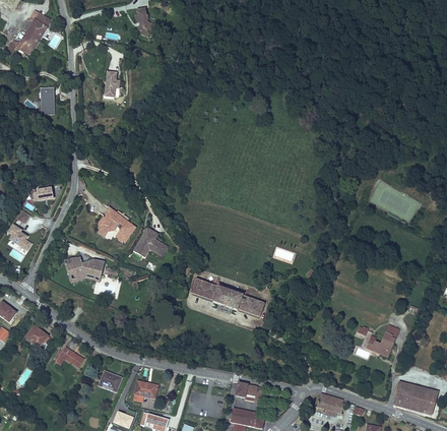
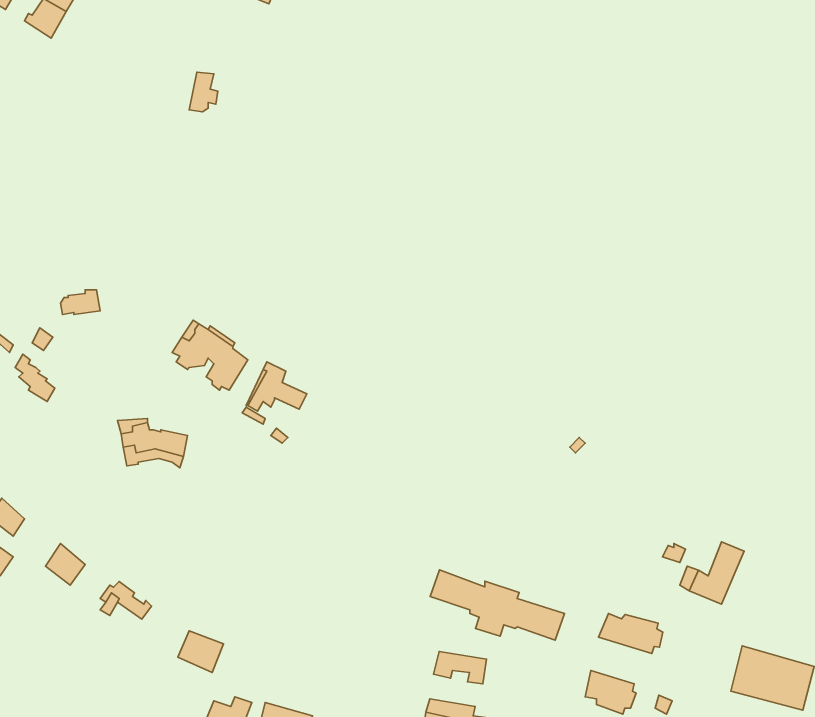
building: [42,89,56,117] -> none
building: [191,279,263,316] -> [430,570,564,640]
building: none -> [598,613,663,653]
building: [133,379,158,403] -> none

